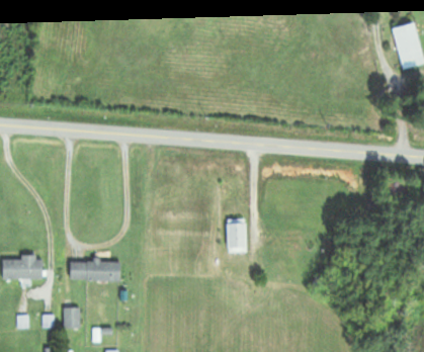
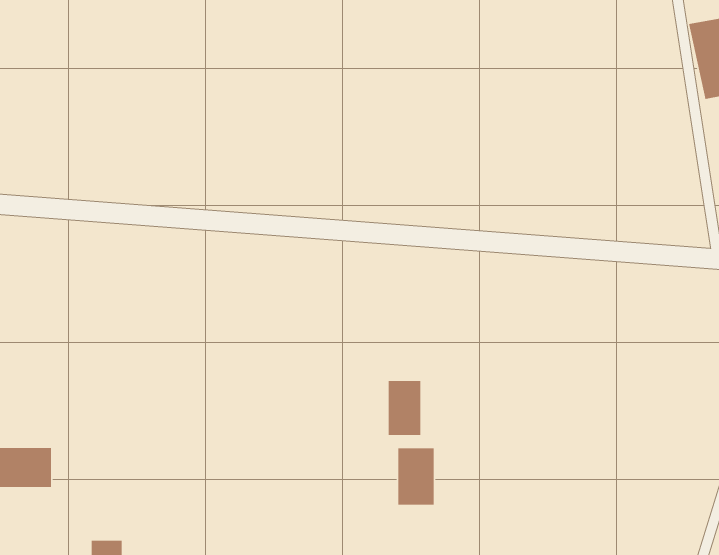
building: none -> [398,447,435,506]
building: [70,261,120,280] -> none

